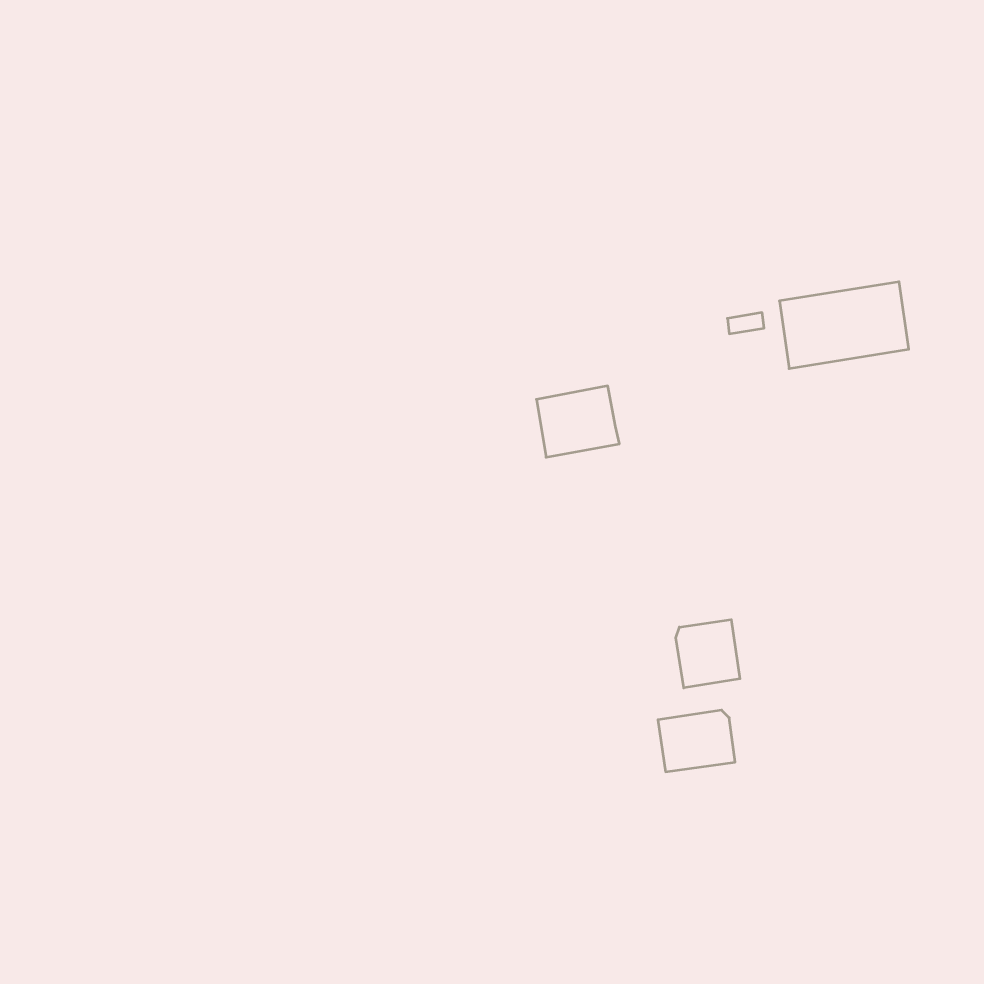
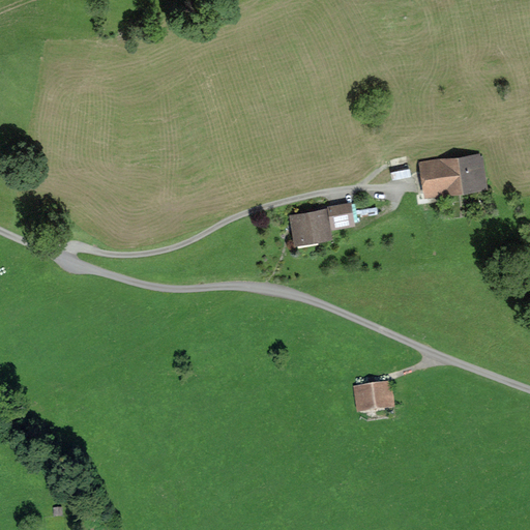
building: none -> [326,202,355,230]
building: [676,620,740,688] -> none

